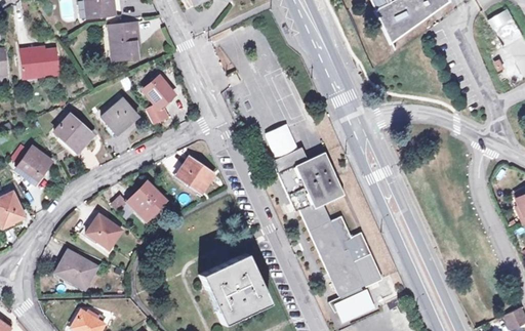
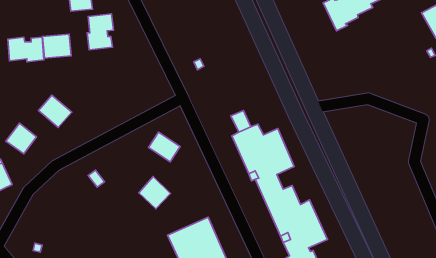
building: none -> [42,34,71,58]
building: [145,76,173,123] -> none
building: [103,99,136,133] -> none
building: [130,179,166,216] -> [139,176,170,209]
building: [90,215,127,248] -> none
building: [57,248,97,285] -> none

